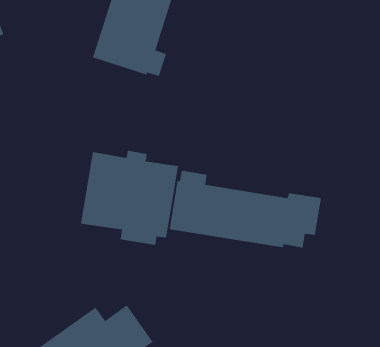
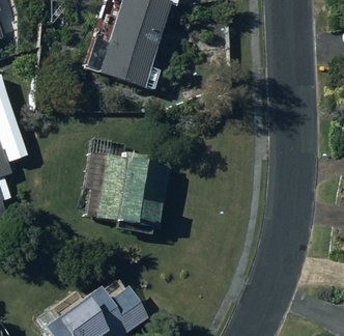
building: [169,170,321,249] -> none

